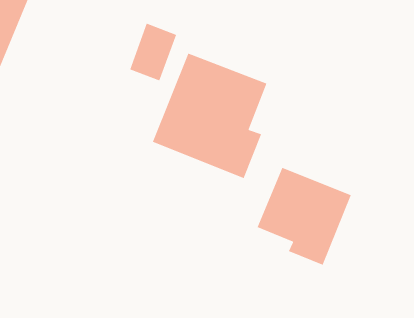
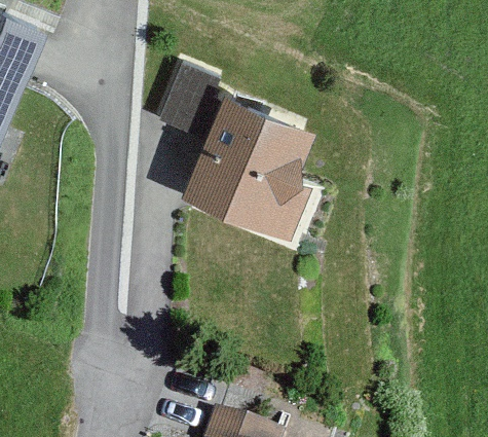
building: [256,167,352,266] -> none

